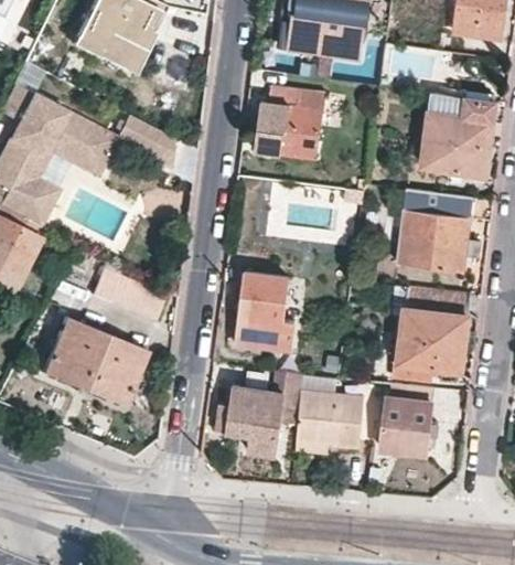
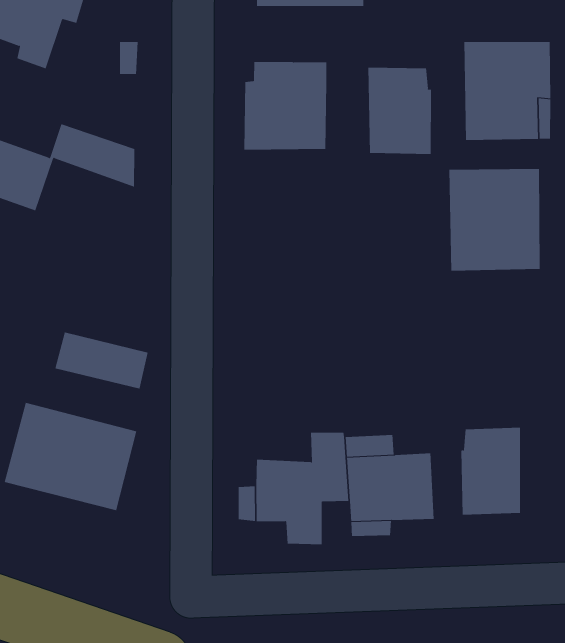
building: none -> [368,67,431,155]
building: [236,271,297,349] -> none
building: [395,287,471,381] -> none

